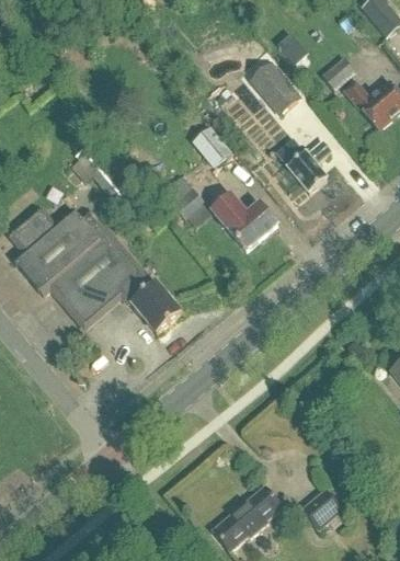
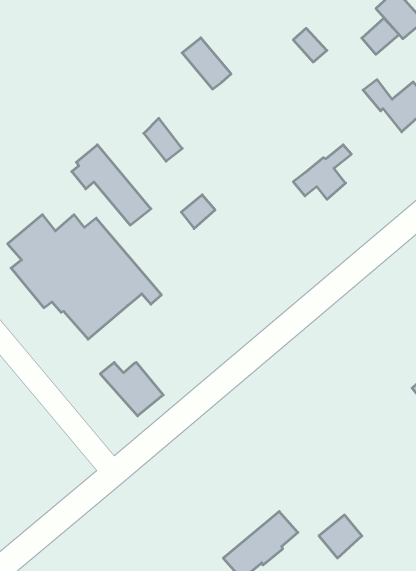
building: [321,54,356,88] -> [362,18,399,54]
building: [251,64,297,112] -> [182,38,231,89]
building: [193,126,229,167] -> [144,118,182,161]
building: [214,198,277,249] -> none
building: [122,280,181,331] -> [100,362,163,416]

